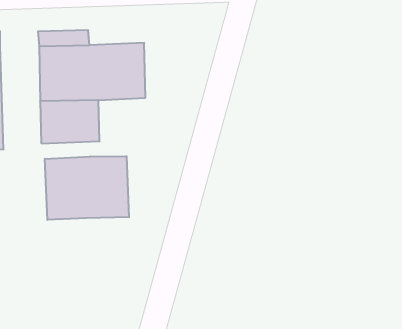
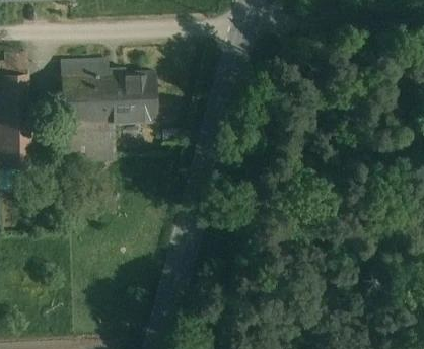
building: [45,156,129,220] -> none

